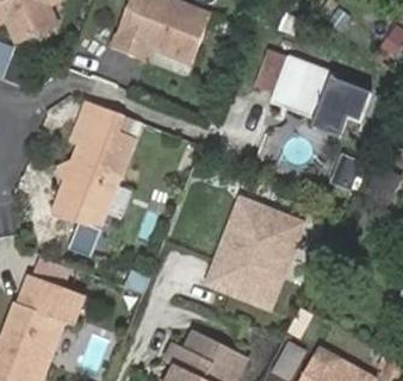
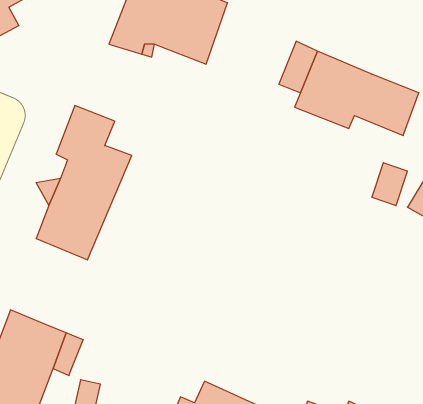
building: [206,196,299,304] -> none

